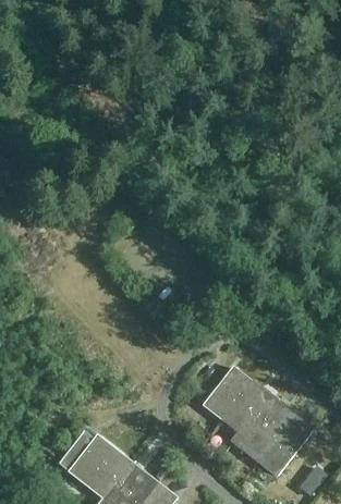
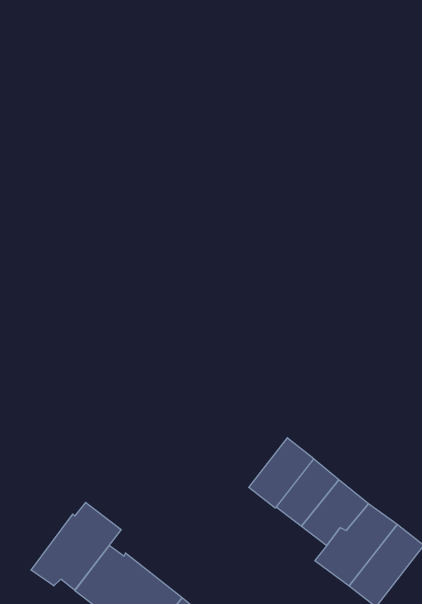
building: none -> [249,438,314,508]
building: none -> [31,502,121,590]

